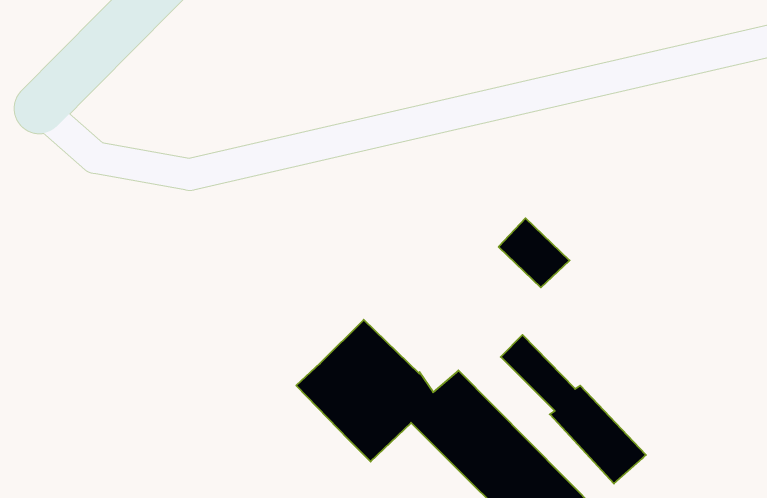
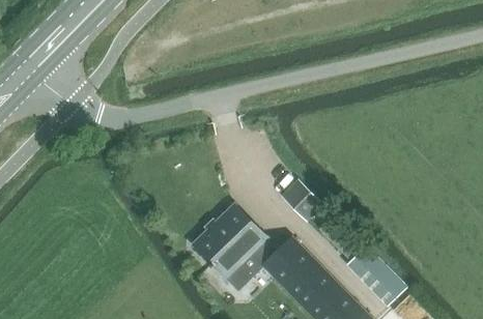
building: [499,218,570,287] -> [281,179,324,222]

